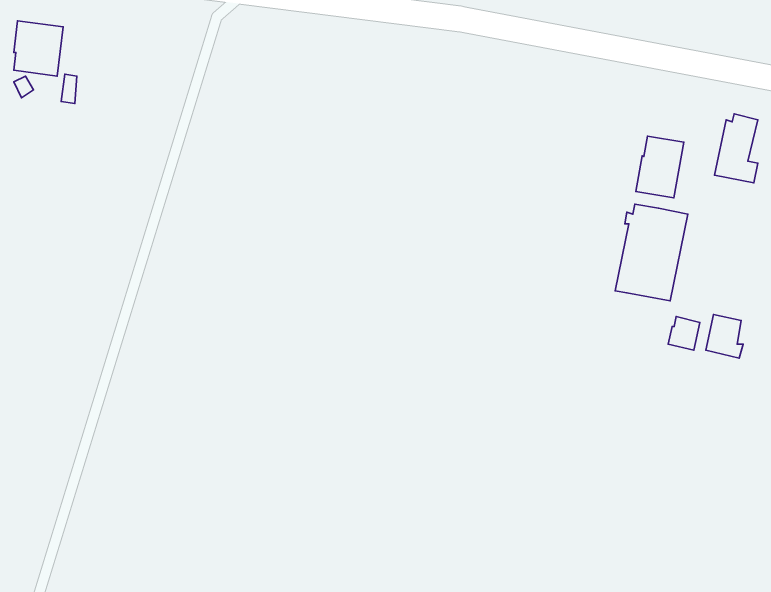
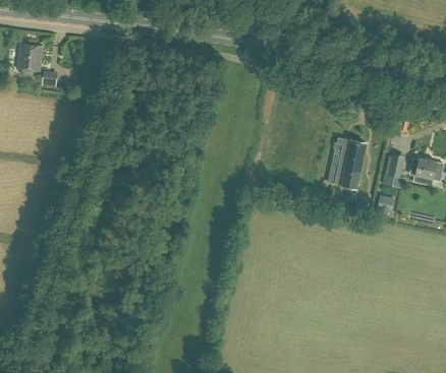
building: [714,114,758,183] -> [382,151,404,187]
building: [636,136,684,198] -> none

